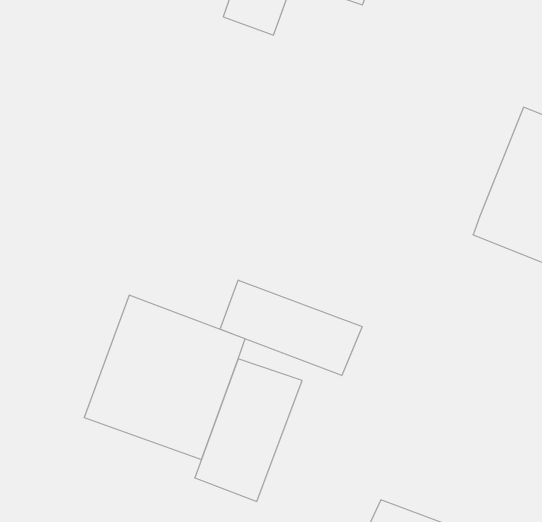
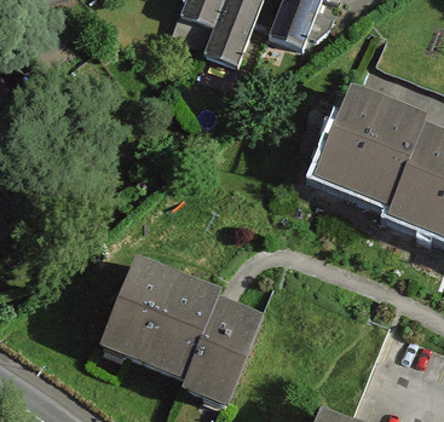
building: none -> [315,85,422,200]
building: [220,280,362,376] -> none

